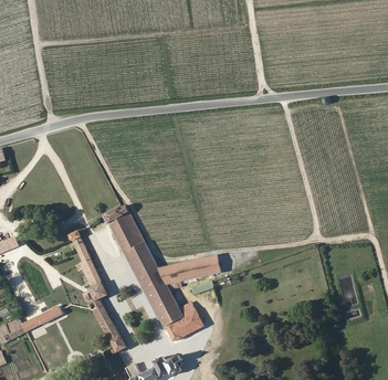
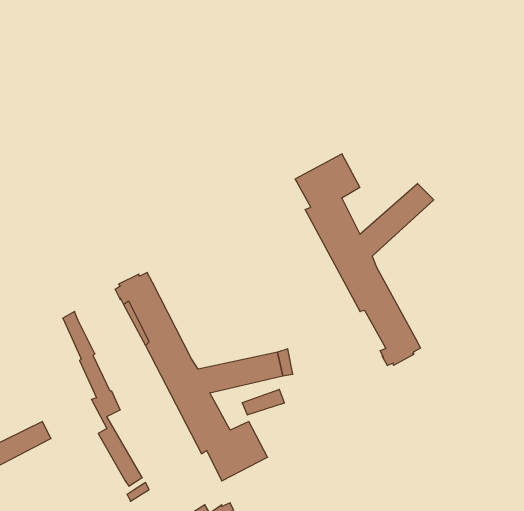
building: none -> [295,154,434,366]

